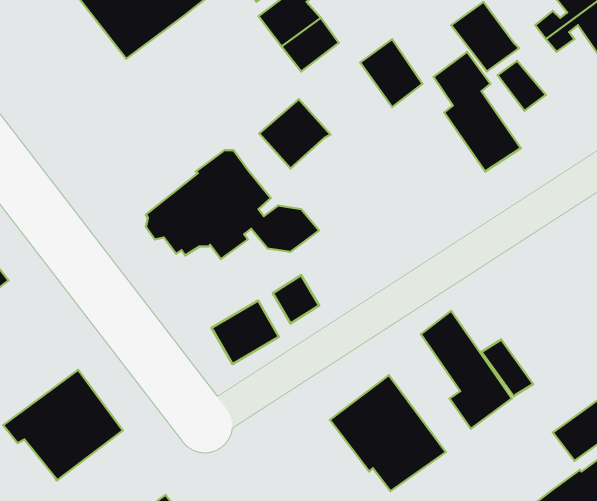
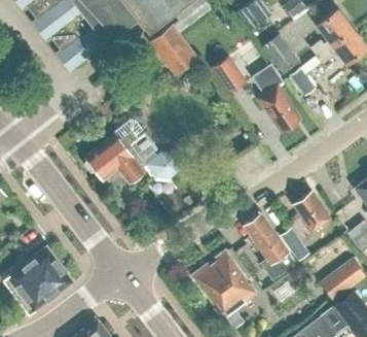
building: [259,99,331,169] -> none
building: none -> [293,191,330,231]
building: [212,300,279,364] -> none

